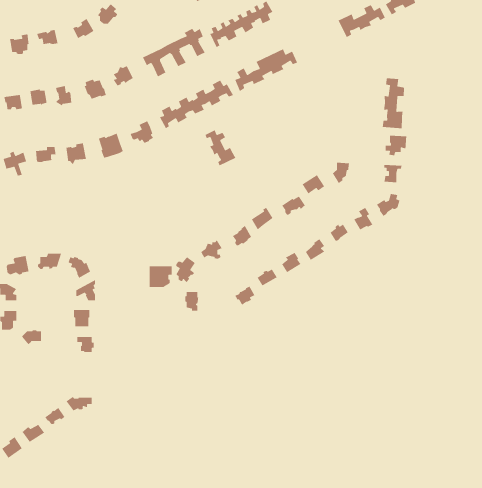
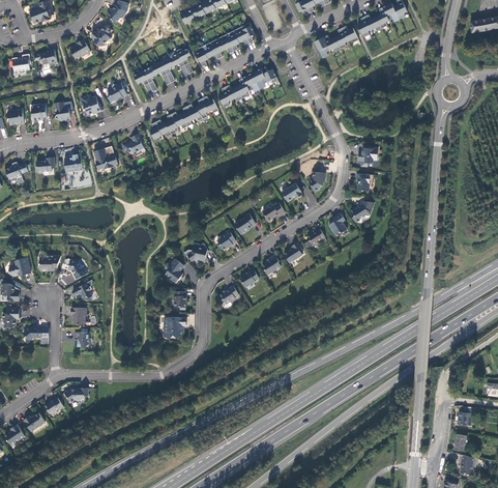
building: [382,78,405,129] -> none
building: [204,129,237,167] -> none
building: [149,265,173,288] -> [164,317,185,338]

